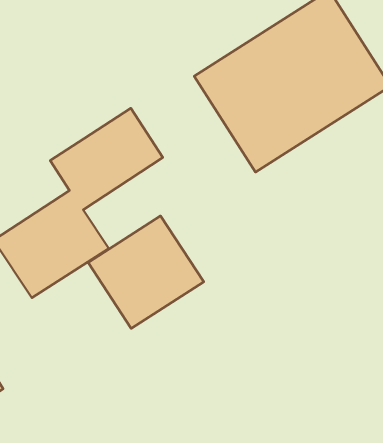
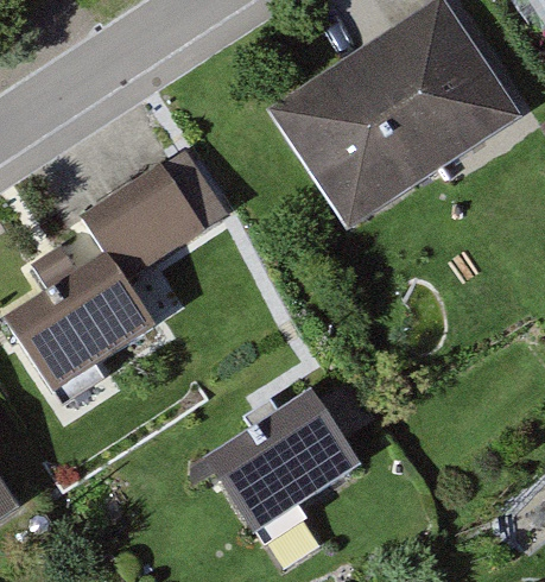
building: [88,216,204,329] -> [213,387,362,533]

